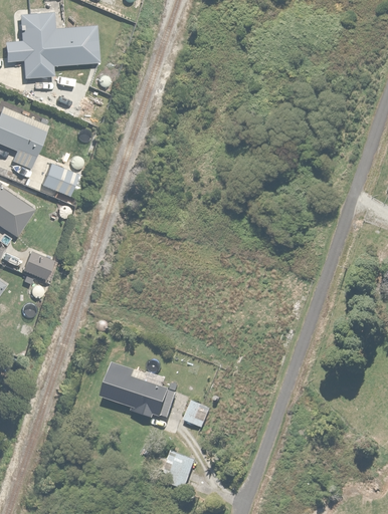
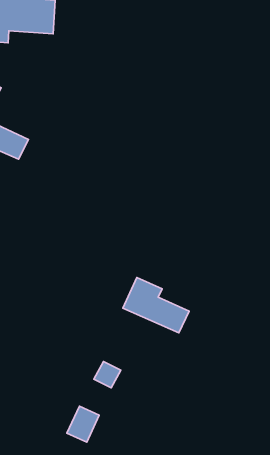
building: [101,363,171,417] -> [123,277,189,333]

